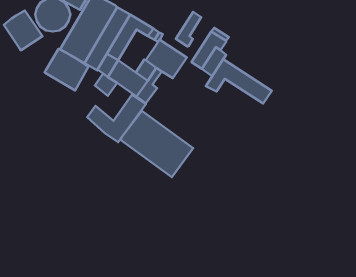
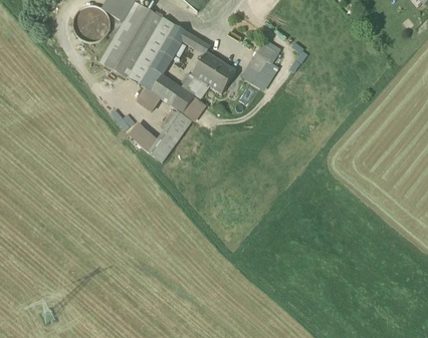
building: [4,11,42,50] -> none
building: [176,12,201,47] -> none
building: [45,49,88,90] -> none
building: [206,59,272,104] -> none
building: [121,111,193,177] -> none

